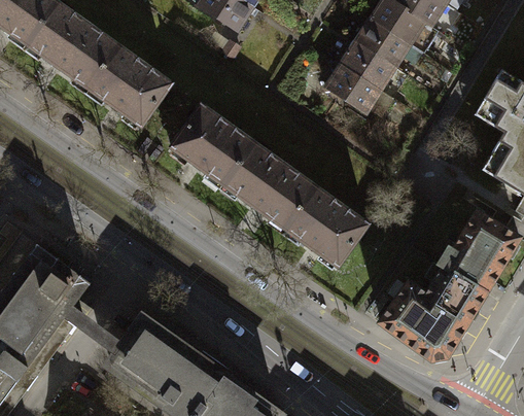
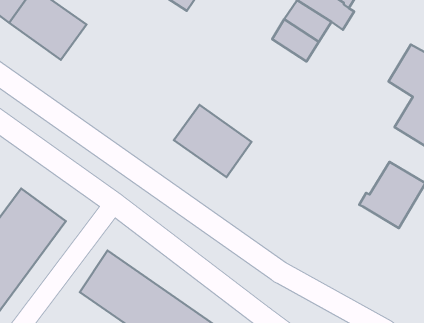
building: [86,47,169,127] -> none
building: [323,65,380,114] -> none
building: [169,106,252,185] -> none
building: [284,187,366,267] -> none
building: [383,265,490,359] -> none

